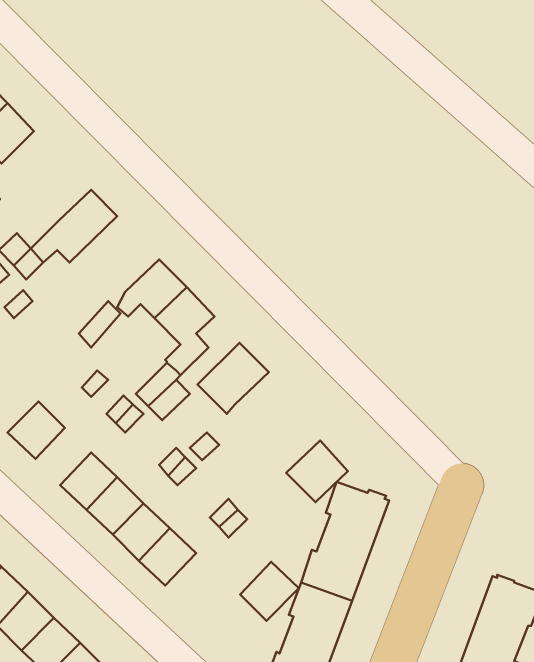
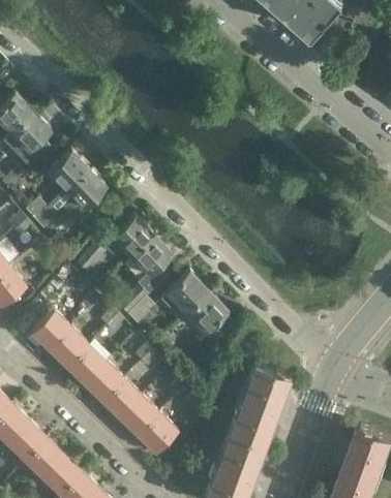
building: none -> [50,152,89,190]
building: none -> [52,329,89,367]
building: [286,440,348,502] -> [185,291,227,333]
building: [240,562,299,621] -> [139,412,178,452]

